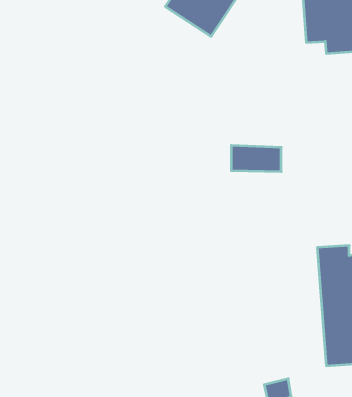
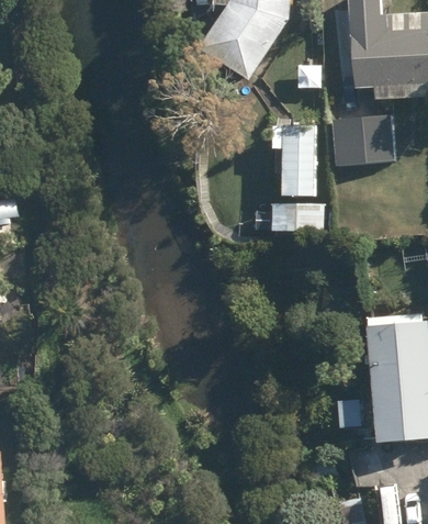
building: none -> [330,114,395,165]
building: none -> [271,123,314,197]

